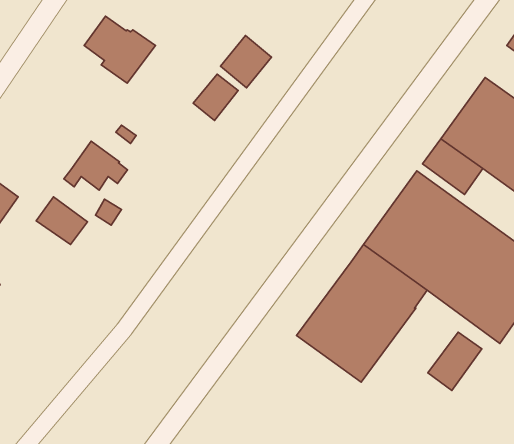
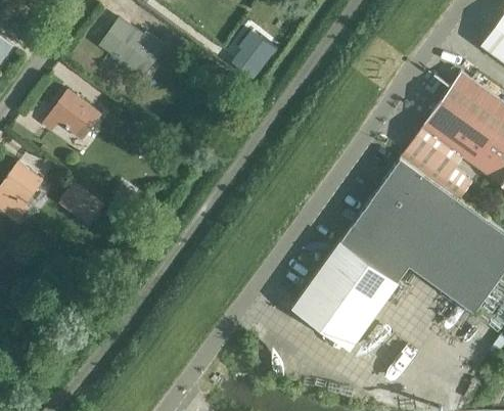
building: [193,74,238,120] -> none
building: [64,141,128,190] -> [44,92,101,136]
building: [428,332,482,391] -> none

